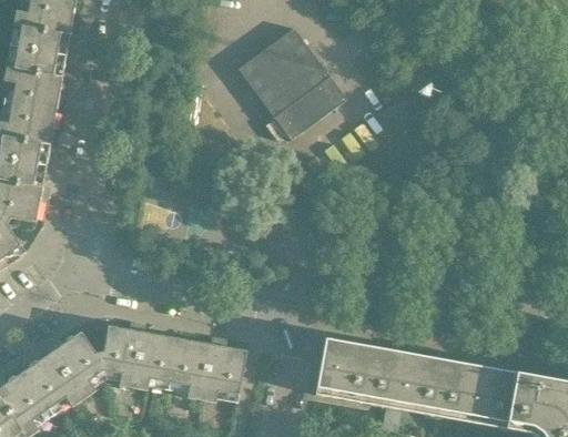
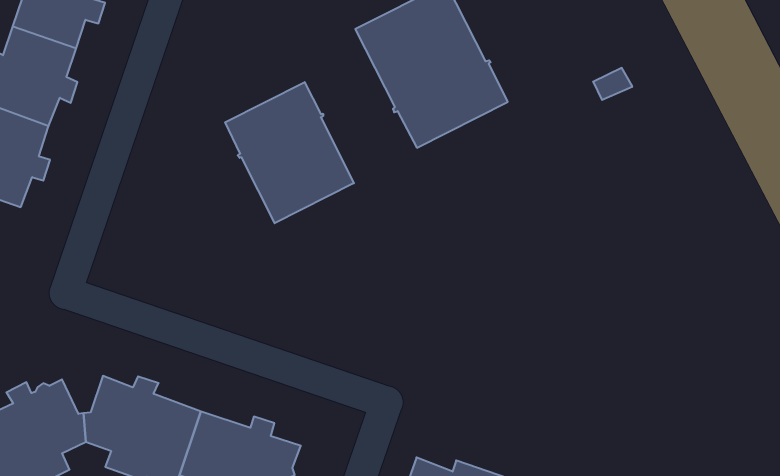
building: none -> [225,82,354,223]

